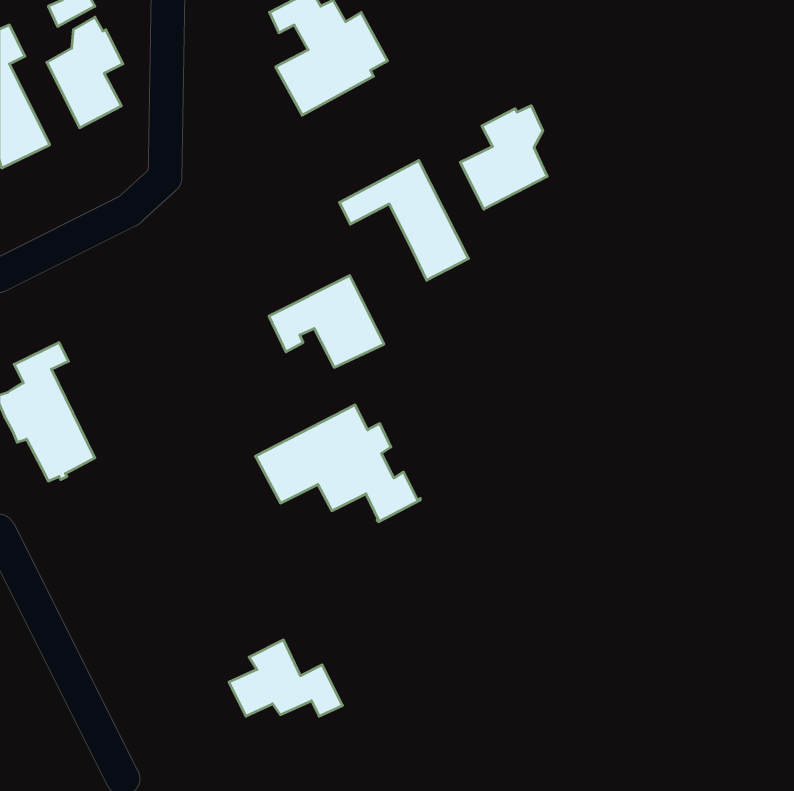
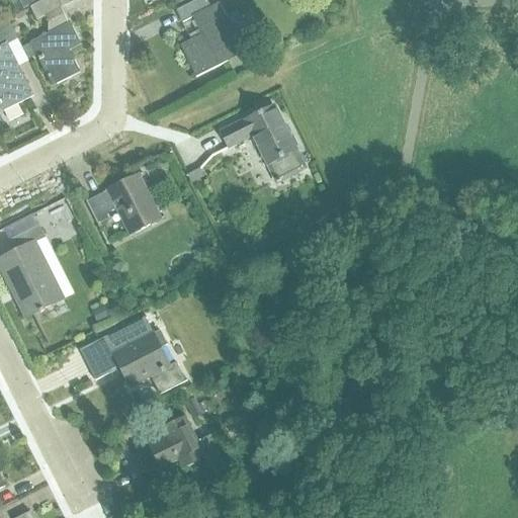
building: [460,106,547,209] -> none
building: [269,276,384,367] -> [85,172,160,232]
building: [255,405,420,522] -> [79,315,186,391]

